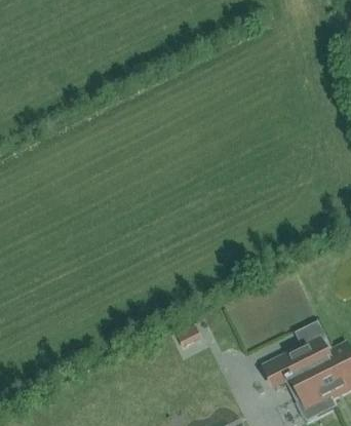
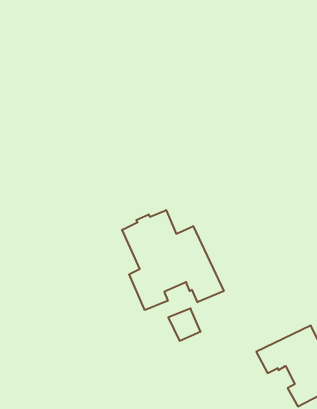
building: none -> [122,210,224,310]

